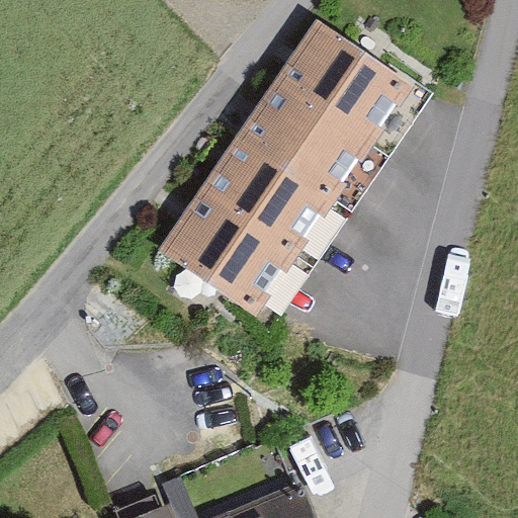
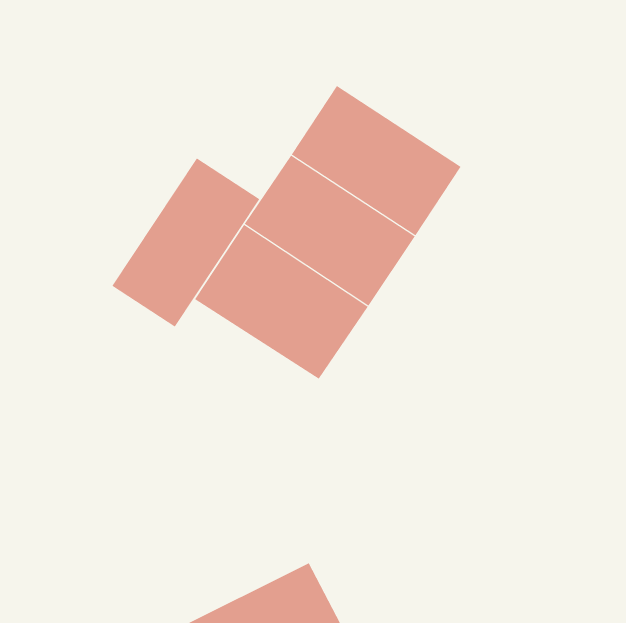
building: [275,19,415,144] -> none
building: none -> [111,158,260,328]

